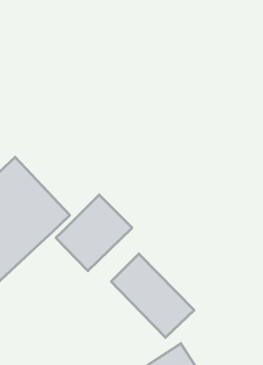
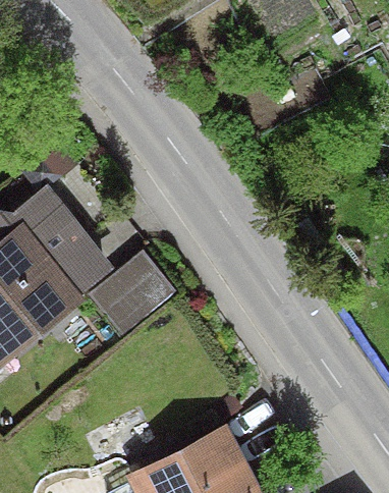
building: [111,254,194,338] -> none

